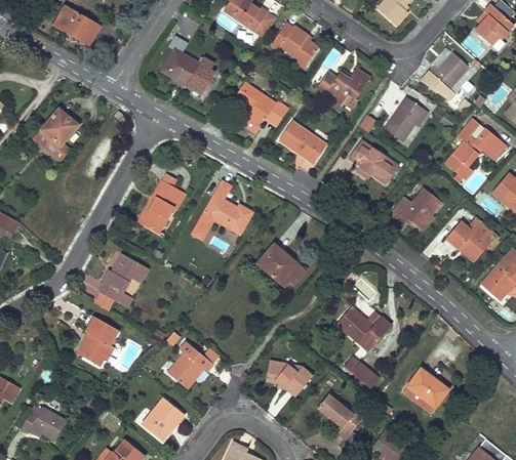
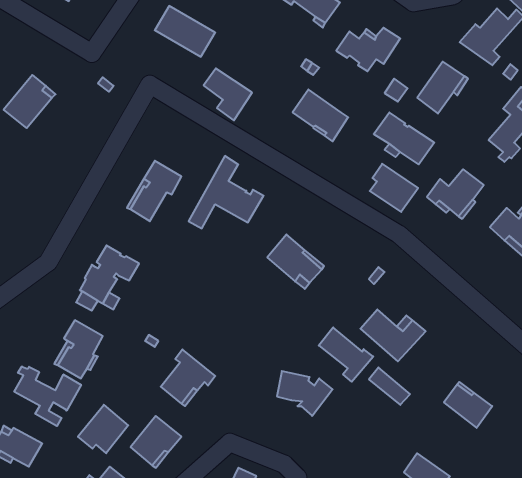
building: [235,83,276,127] -> [204,68,252,120]
building: none -> [370,164,418,212]
building: none -> [14,366,81,426]
building: none -> [78,405,128,453]
building: [317,393,363,440] -> [319,327,373,382]

